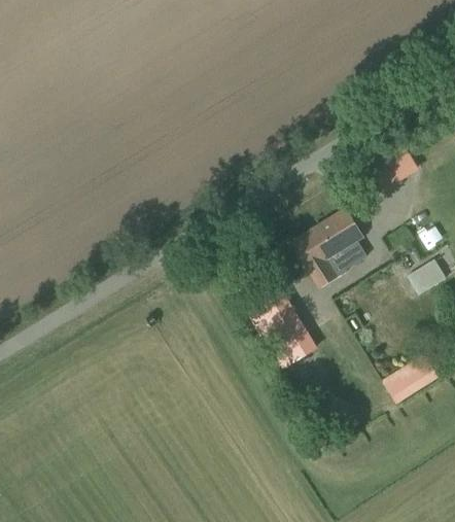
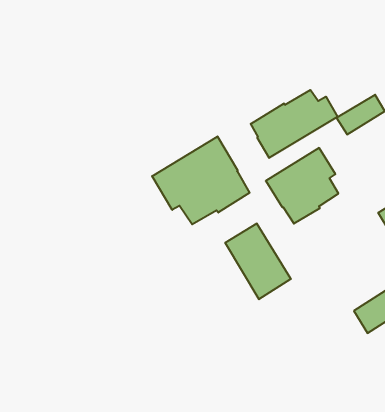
building: none -> [251,90,338,158]
building: none -> [152,136,250,224]

